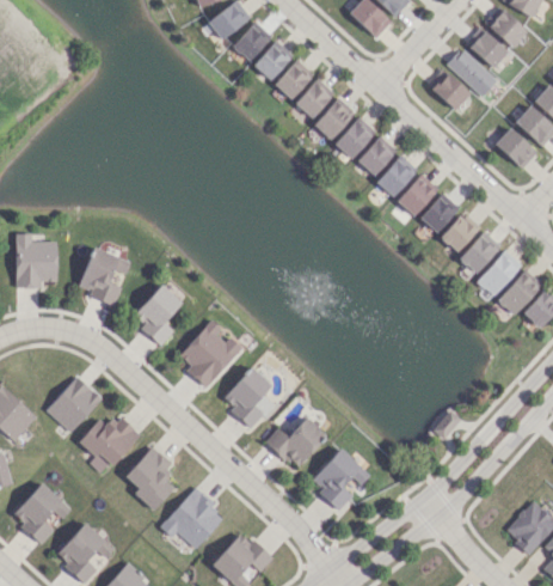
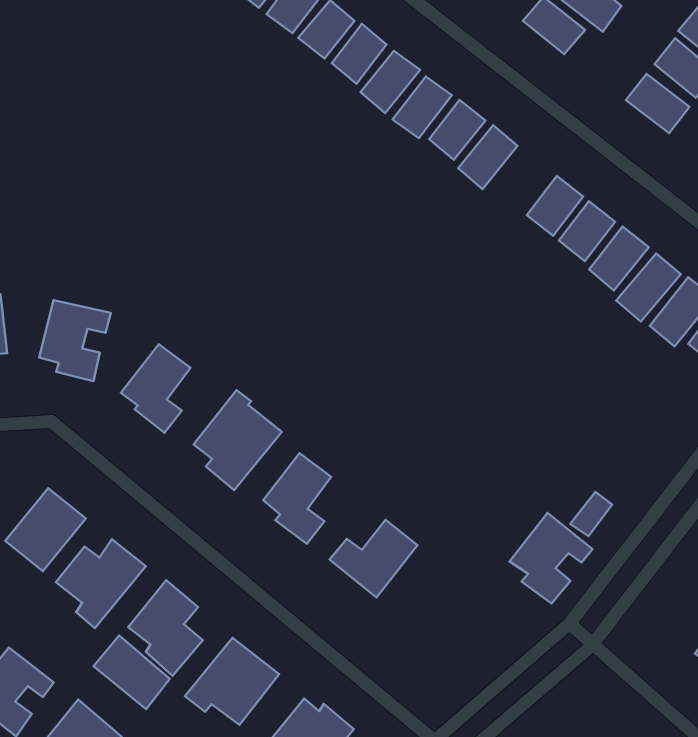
building: [397,173,437,216] -> none
building: [312,448,369,511] -> [509,513,593,604]
building: none -> [94,636,170,709]

